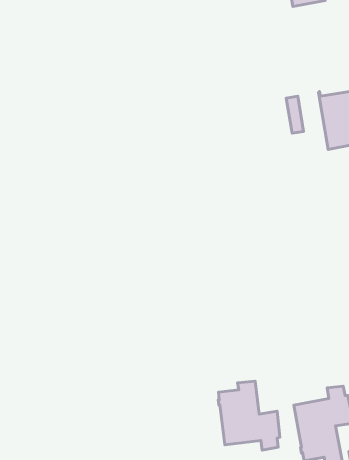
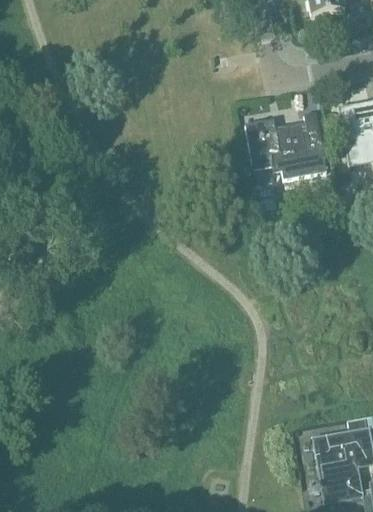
building: none -> [246,119,310,172]
building: [218,381,280,450] -> none

